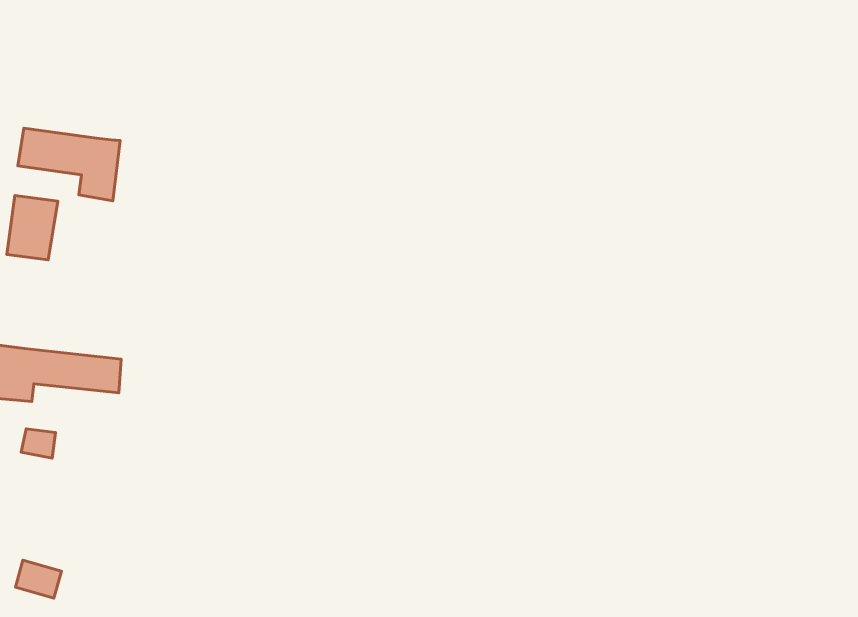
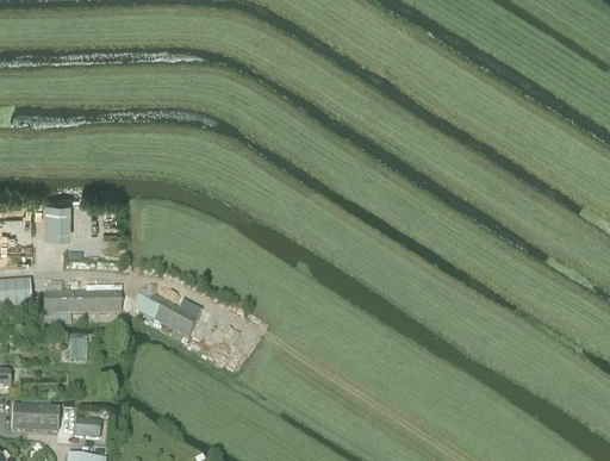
building: [18,128,120,201] -> none
building: none -> [132,286,198,335]

